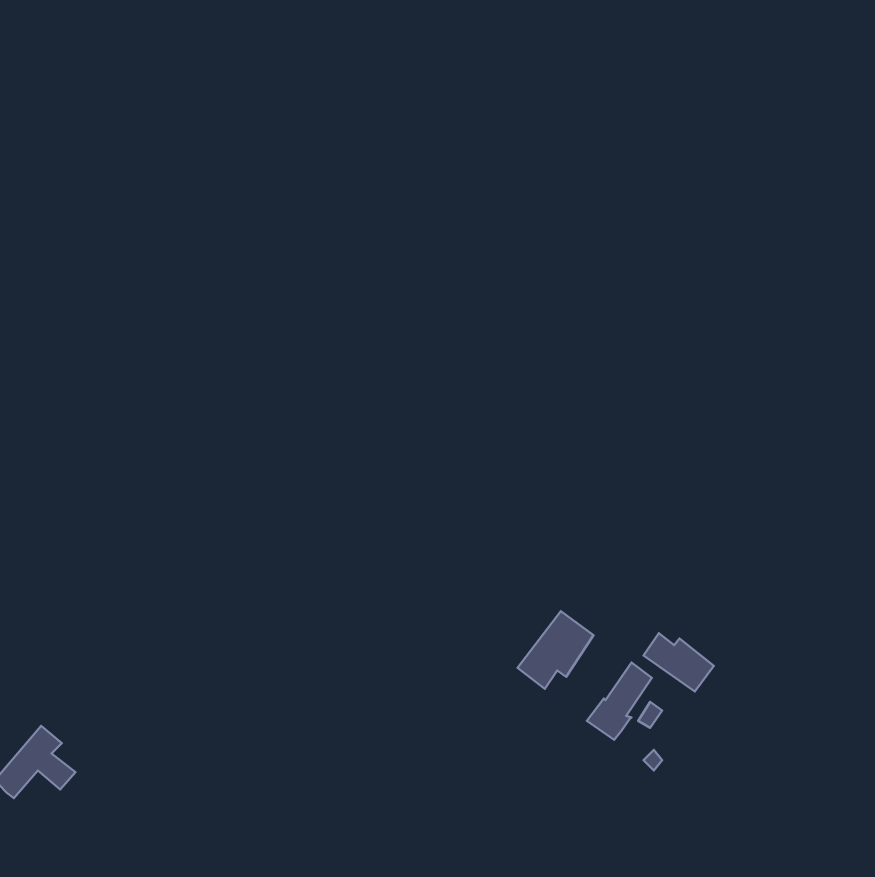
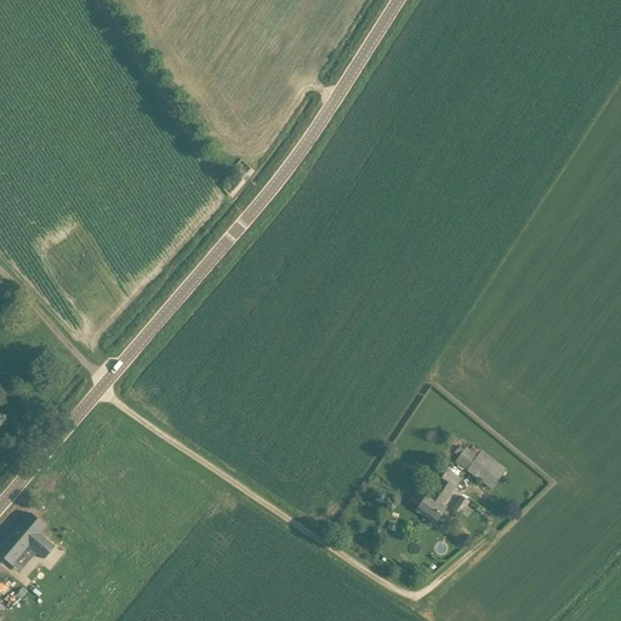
building: [518,611,593,689] -> none

